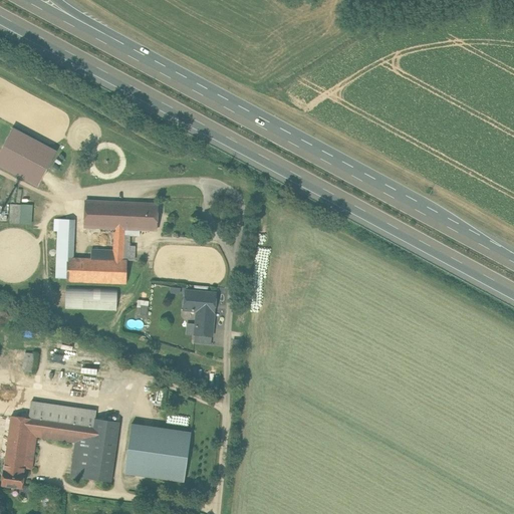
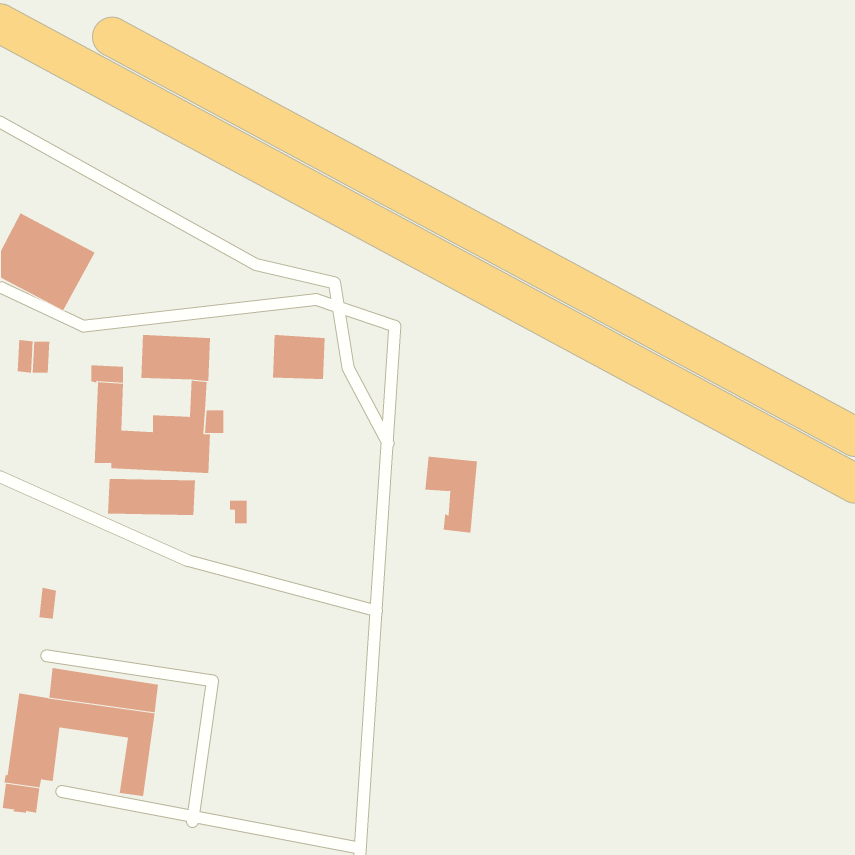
building: [125,203,158,230] -> [272,334,326,380]
building: [184,290,216,336] -> [424,456,478,533]
building: [86,419,119,482] -> none
building: [125,425,191,482] -> none

